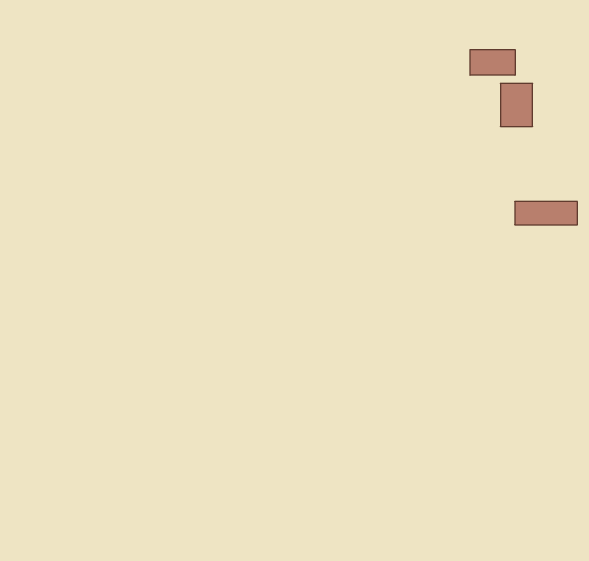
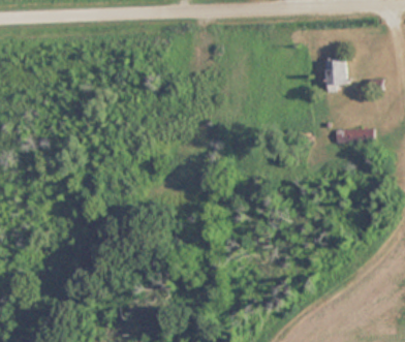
building: [470,50,515,75] -> none

